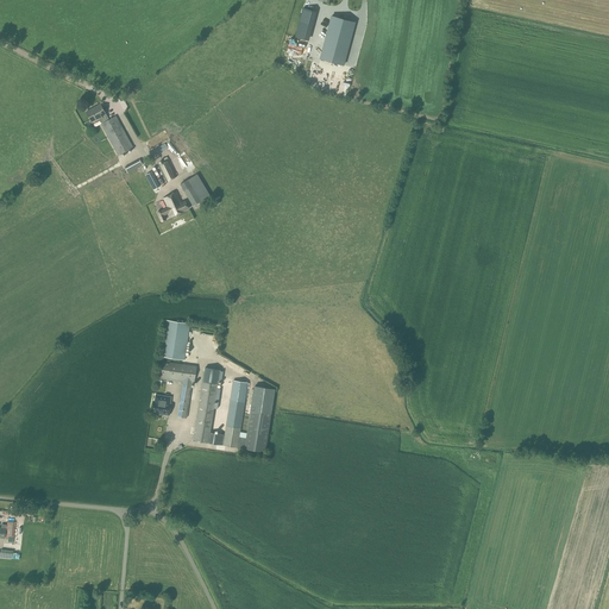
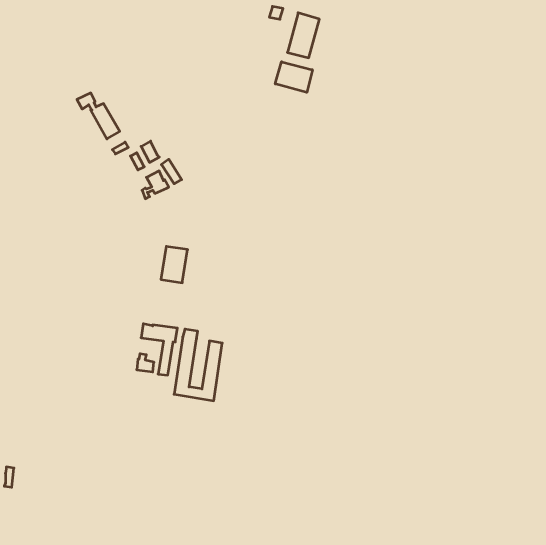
building: none -> [275,62,312,92]
building: [161,319,190,359] -> [161,246,188,283]
building: [245,384,275,451] -> none

